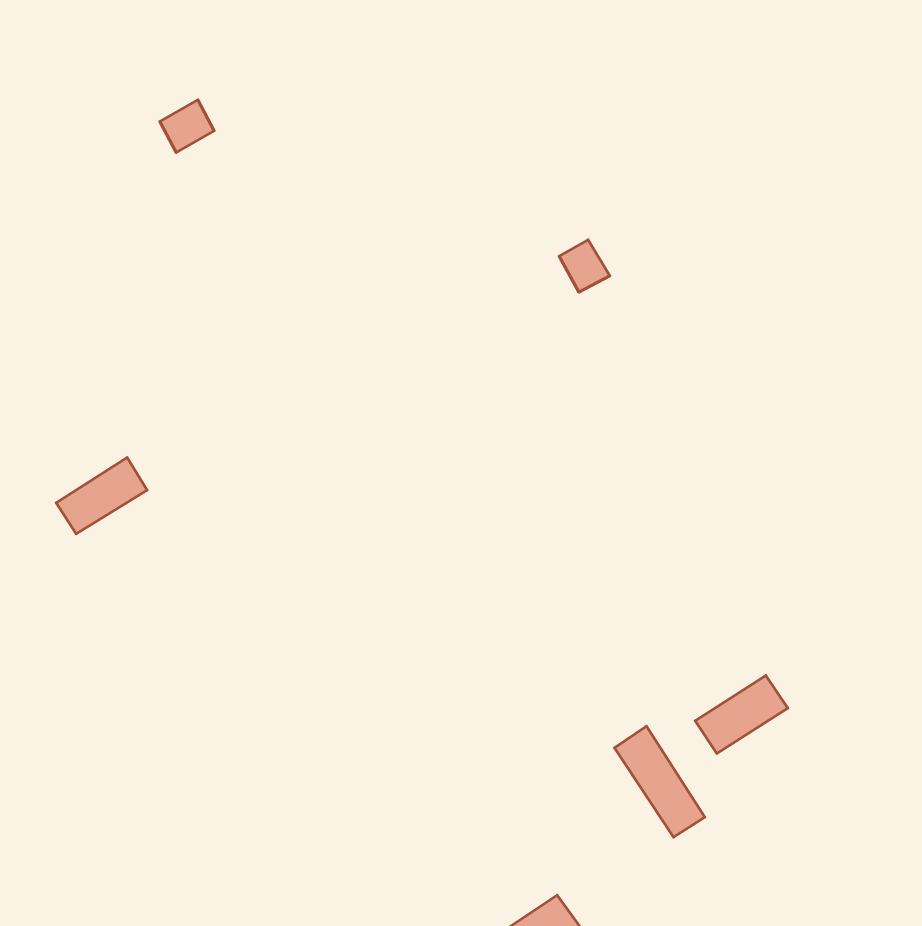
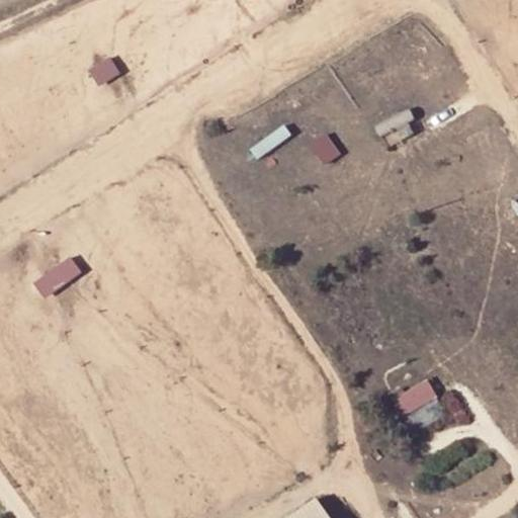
building: [614,726,705,837] -> none

